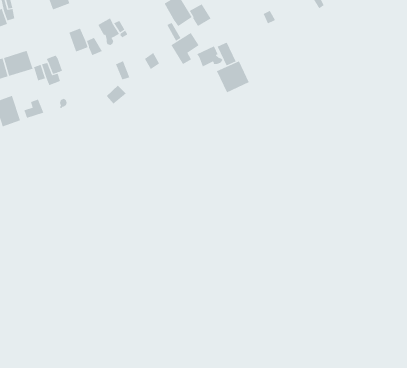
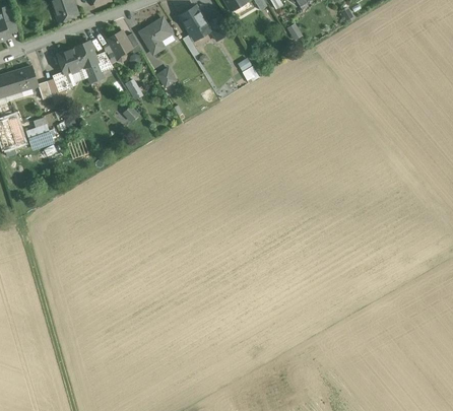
building: [170,32,199,65] -> [139,18,171,54]
building: none -> [56,48,82,74]
building: [197,46,223,67] -> none
building: [216,60,250,93] -> none

